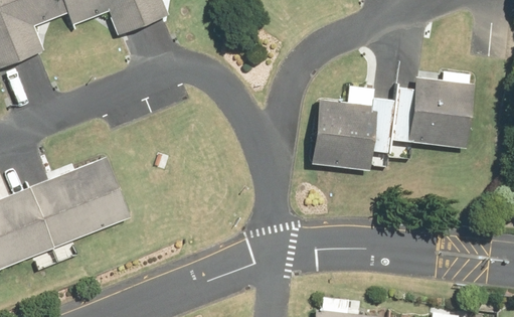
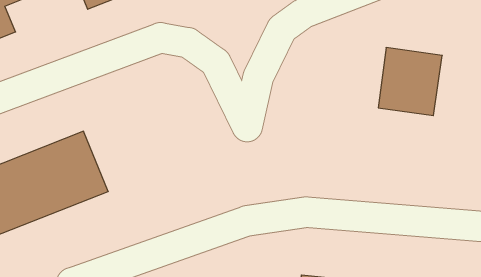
building: [316,101,377,163] -> none

